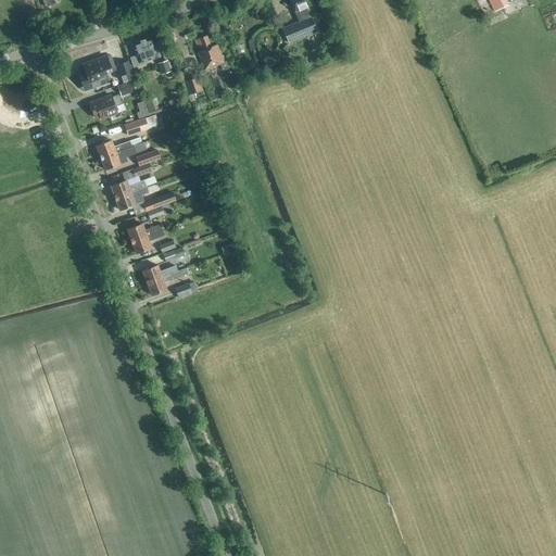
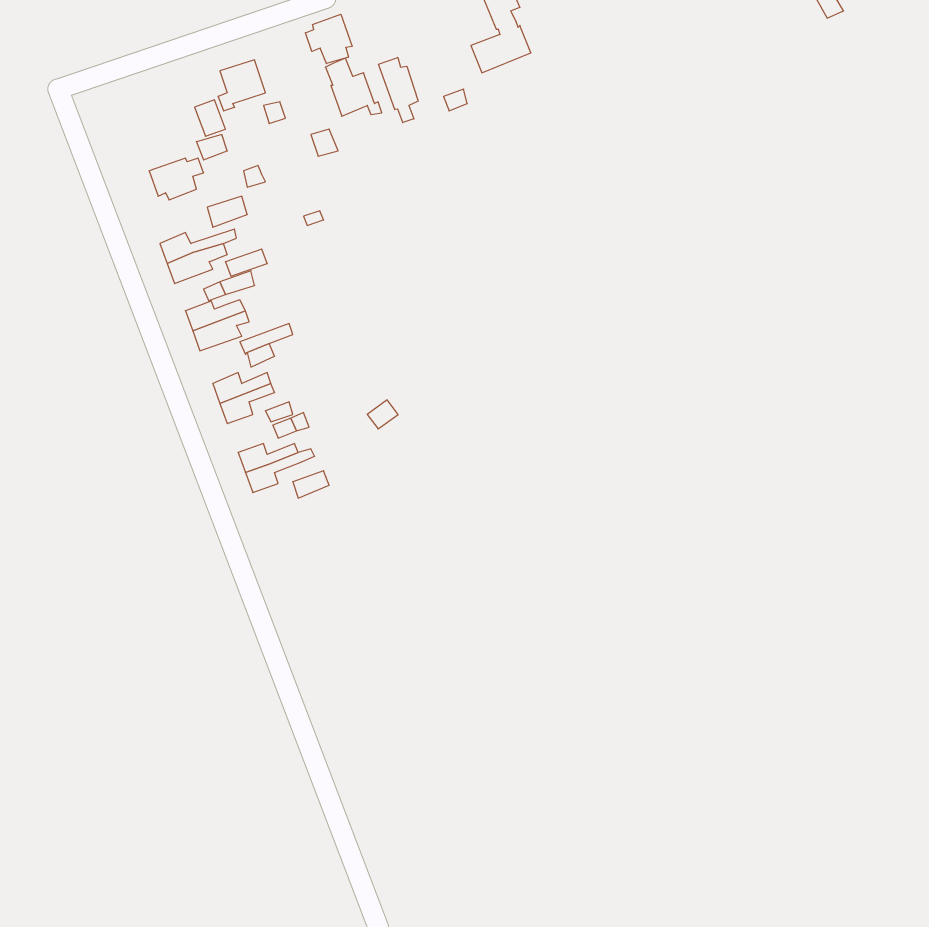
building: none -> [305,14,352,64]
building: none -> [378,57,418,123]
building: [77,54,115,91] -> none

